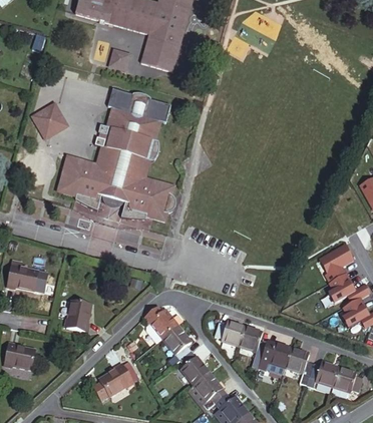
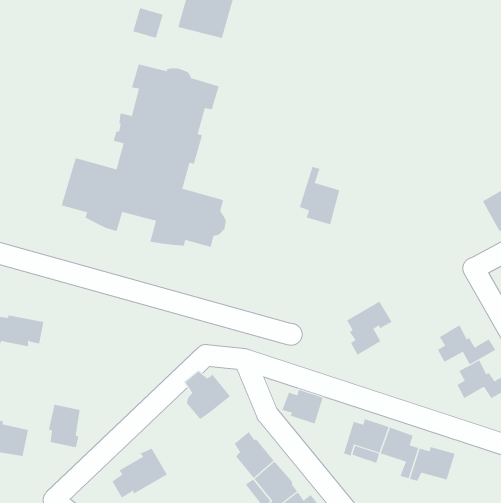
building: [34,103,68,137] -> none
building: none -> [299,166,340,225]
building: [320,245,353,284] -> [346,301,392,356]
building: [68,300,91,331] -> [48,404,81,448]
building: [164,326,193,366] -> none
building: [240,327,267,367] -> none
building: [331,367,363,398] -> none

